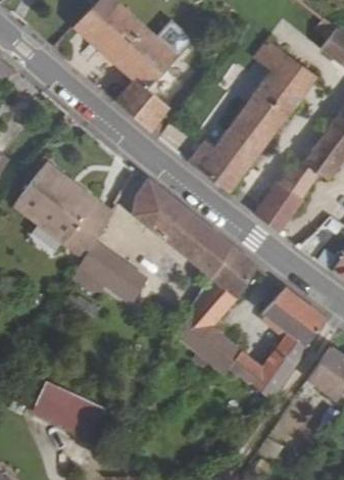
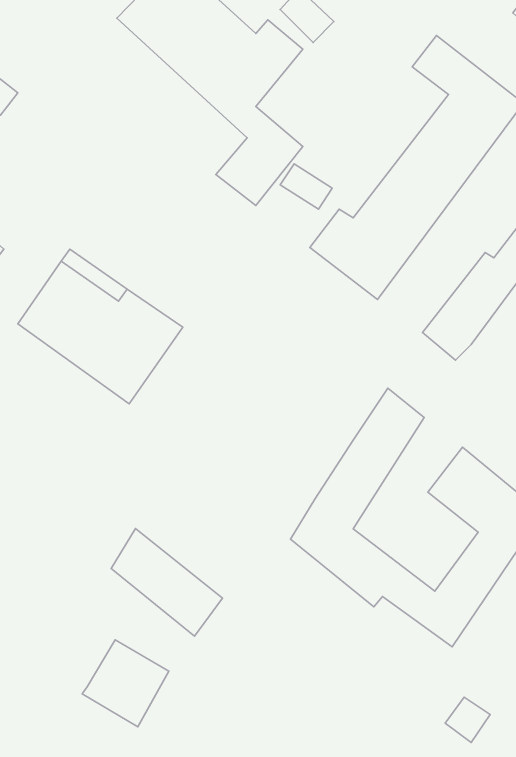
building: [140,186,233,278] -> none
building: [84,239,149,302] -> [111,529,222,636]
building: [32,381,72,423] -> none

